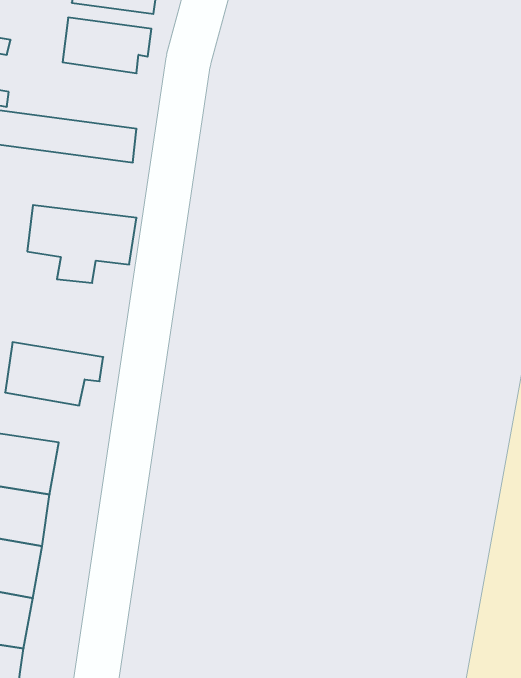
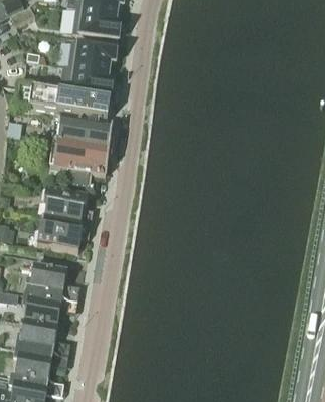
building: none -> [59,65,111,96]
building: none -> [51,118,111,150]
building: none -> [40,190,92,225]

